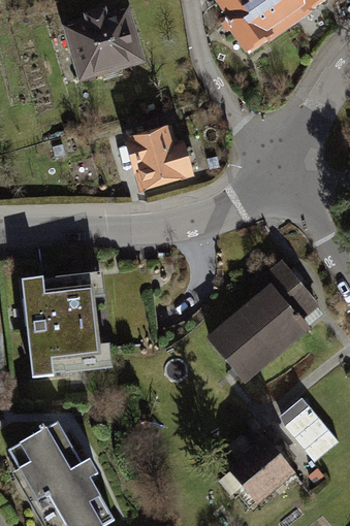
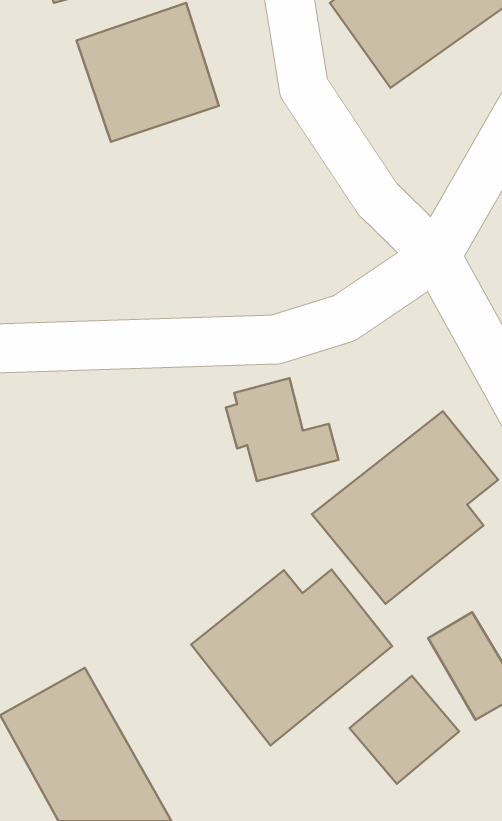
building: [123,122,194,187] -> [226,378,339,481]
building: [21,274,112,380] -> none
building: none -> [191,570,392,745]

